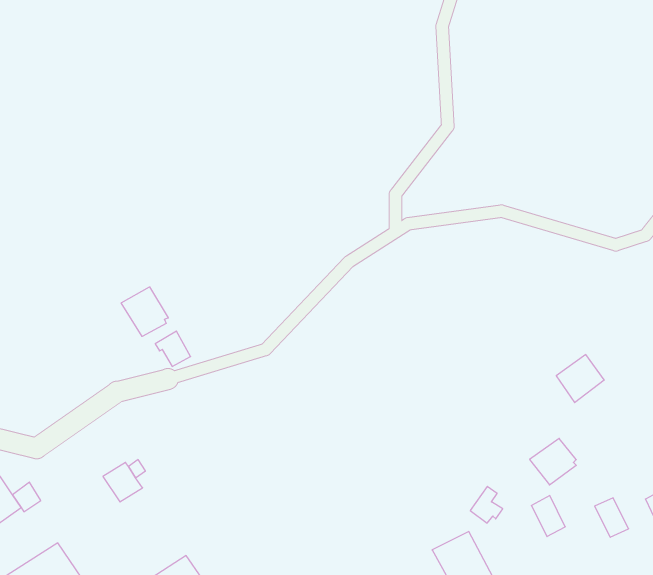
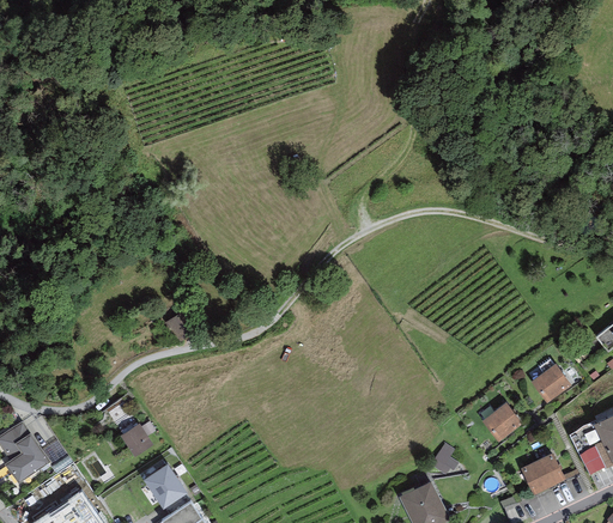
building: [121,287,168,336] -> none
building: [556,355,604,403] -> [530,363,571,403]
building: [531,496,565,537] -> [521,460,550,494]
building: none -> [144,463,187,509]

